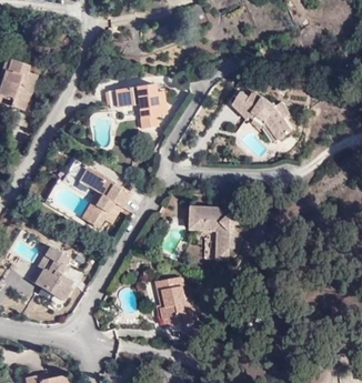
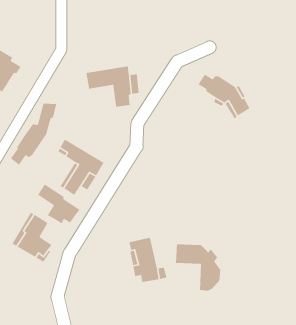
building: none -> [10,103,57,166]
building: [191,203,242,256] -> [175,243,221,291]
building: none -> [37,183,81,224]

